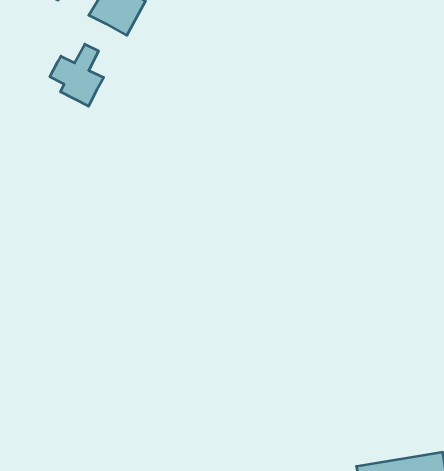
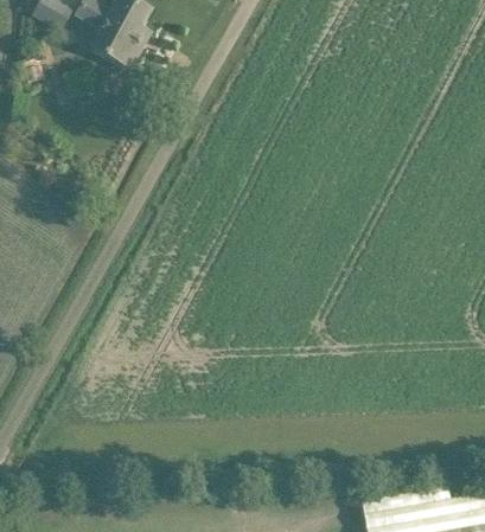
building: [50,44,104,106] -> none

